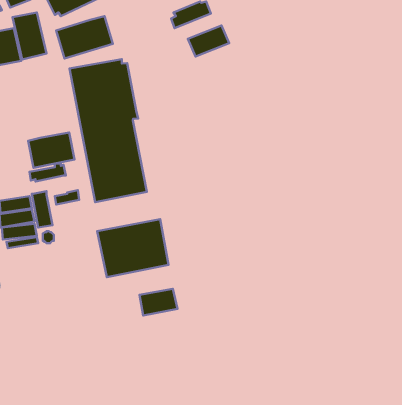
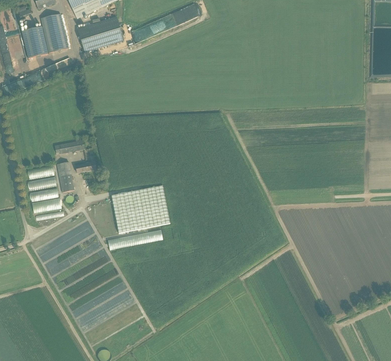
building: [188,25,229,57] -> none
building: [70,59,147,202] -> none
building: [28,133,75,168] -> none
building: [140,289,177,315] -> none

